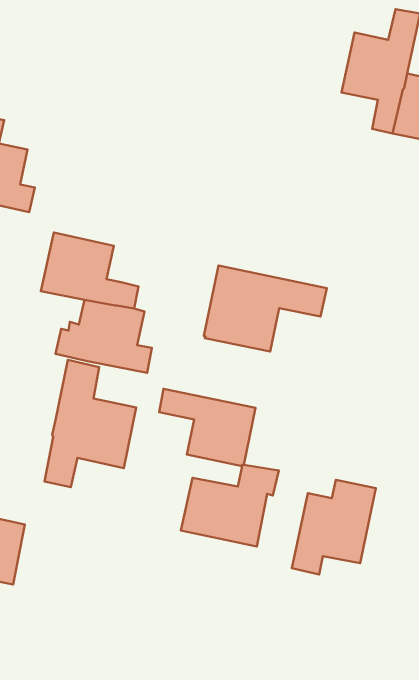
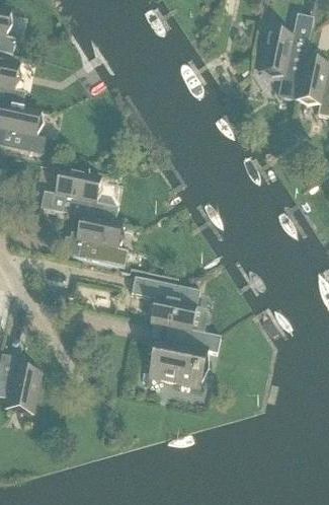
building: [204,266,327,351] -> none
building: [45,360,136,487] -> none
building: [292,480,376,575] -> none

